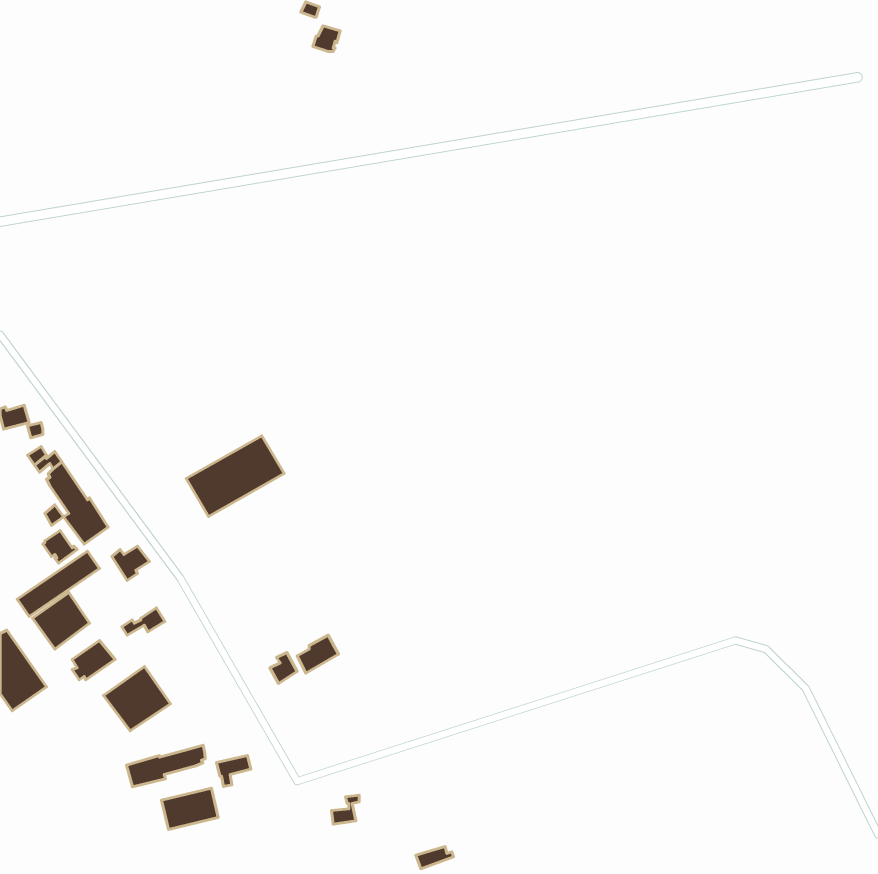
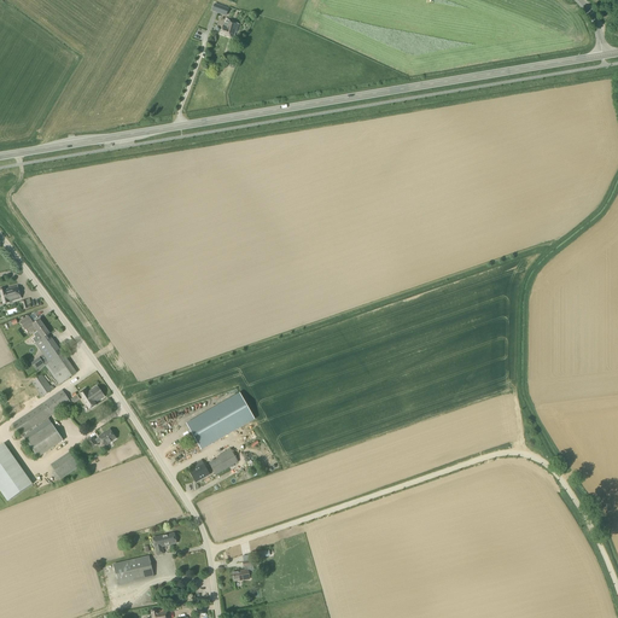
building: [186,436,284,516] -> [186,391,255,448]
building: [103,667,171,731] -> none
building: [127,745,205,787] -> none

